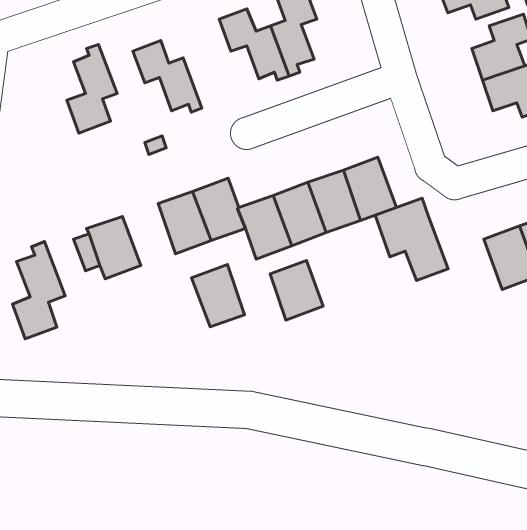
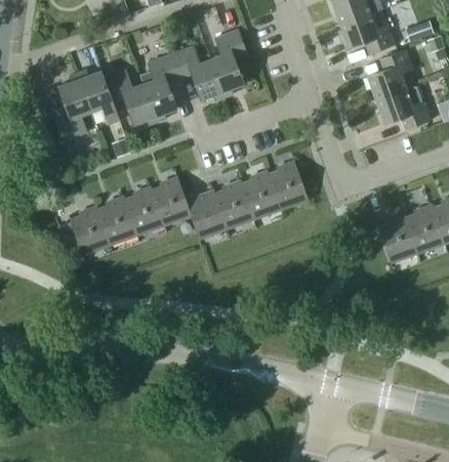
building: none -> [140,53,180,122]
building: none -> [78,69,124,135]
building: [375,198,448,281] -> none
building: [13,241,65,339] -> none
building: [270,261,323,320] -> none
building: [192,265,245,327] -> [96,196,137,244]

